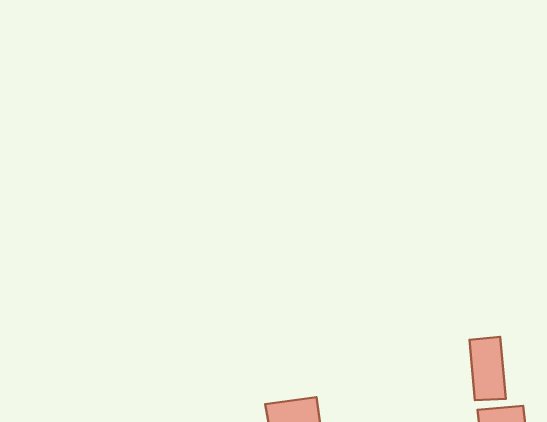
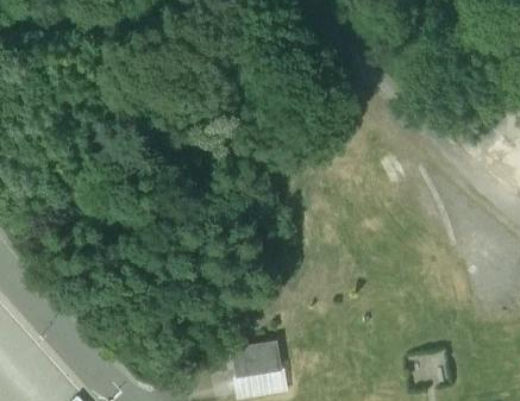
building: [469,337,506,400] -> none

